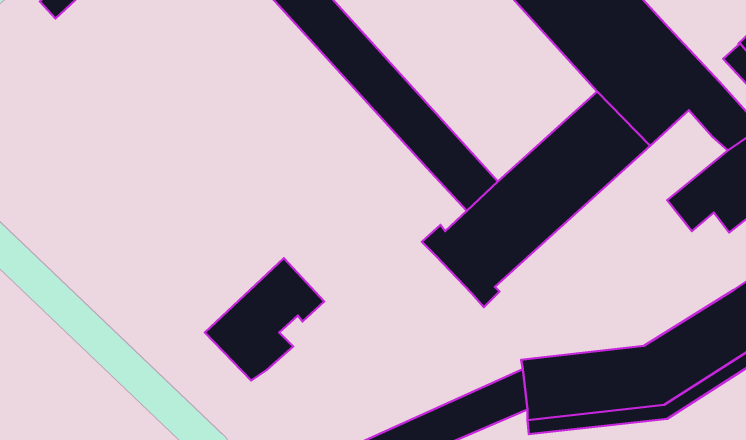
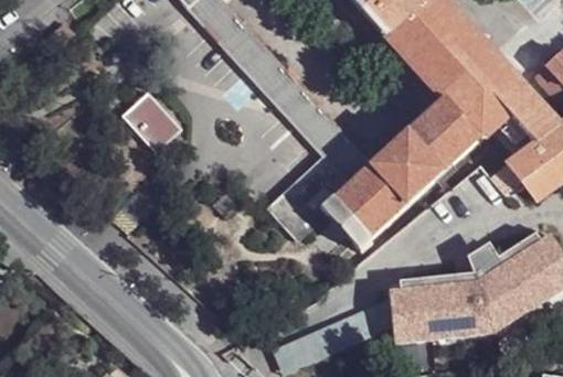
building: none -> [120,89,181,150]
building: [205,258,324,381] -> [266,154,351,241]
building: none -> [400,233,541,290]

